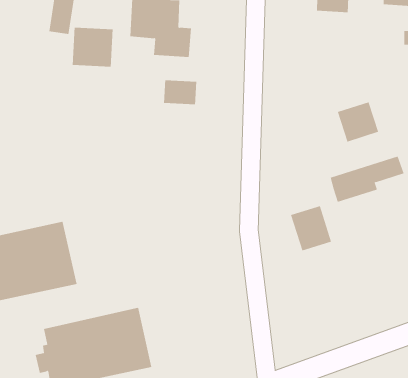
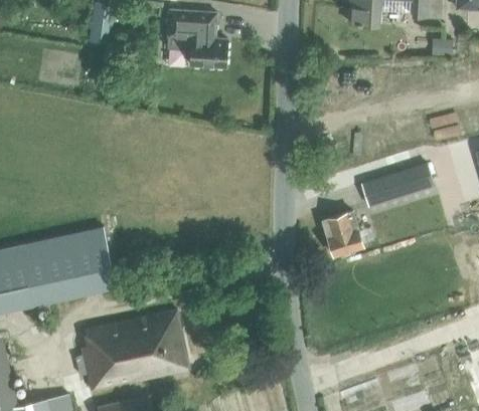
building: [72,27,113,68] -> none
building: [163,79,197,105] -> none
building: [337,102,379,142] -> none

